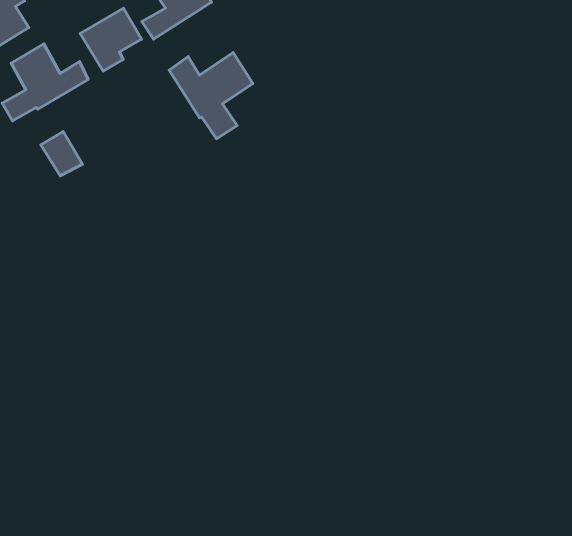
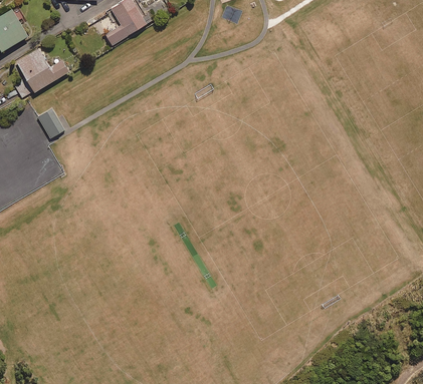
building: [80,8,142,71] -> none
building: [169,53,253,139] -> none

